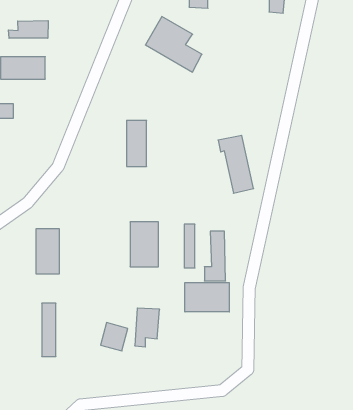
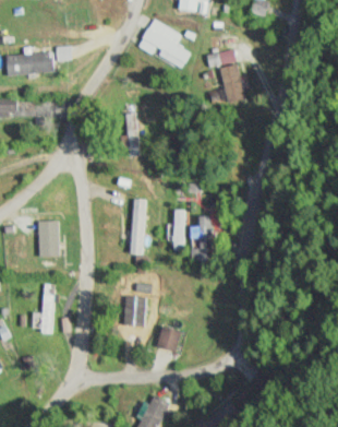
building: [8,21,48,38] -> none
building: [218,135,254,193] -> [212,50,244,104]
building: [185,283,229,312] -> none
building: [101,323,128,351] -> [155,327,180,353]

